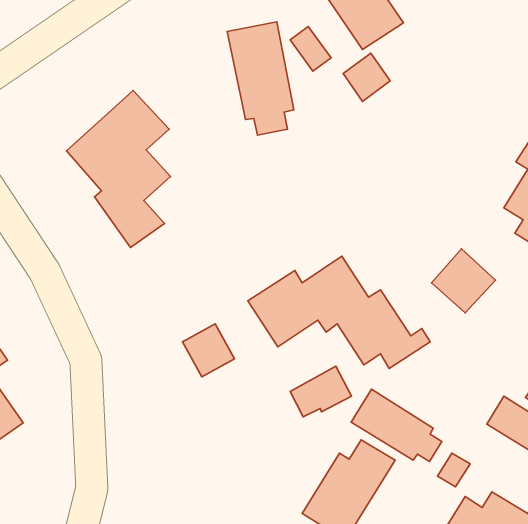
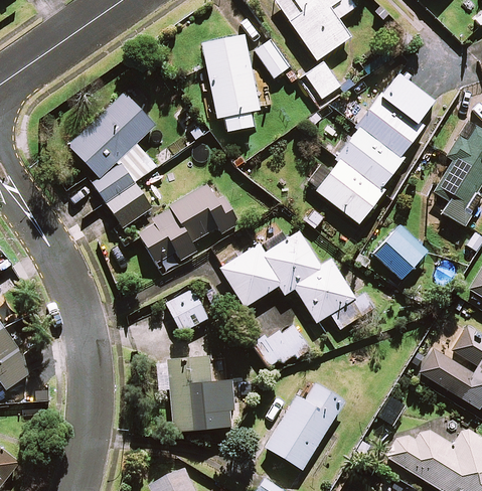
building: none -> [309,74,434,222]
building: none -> [137,180,239,263]
building: [351,389,442,462] -> none
building: none -> [169,357,220,430]

